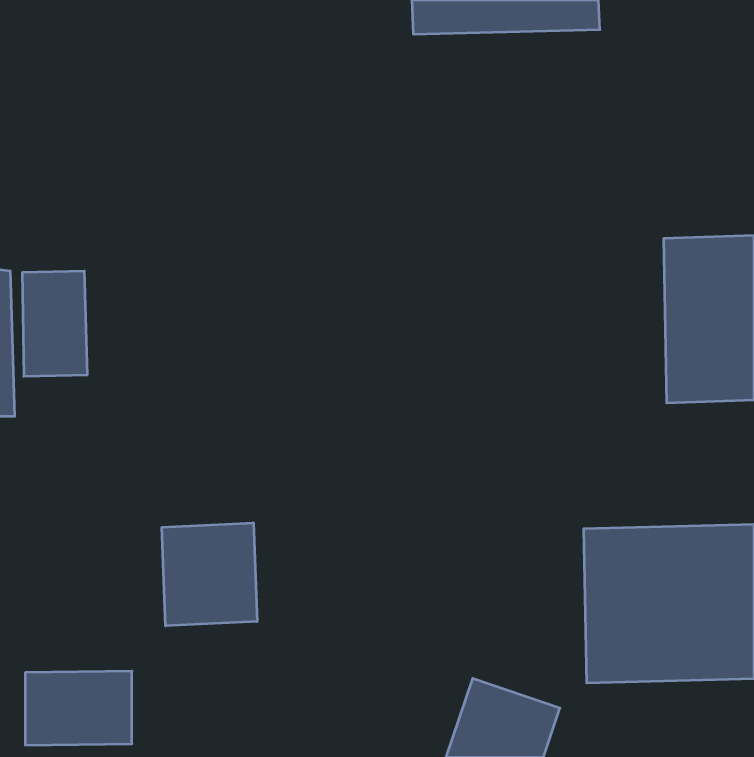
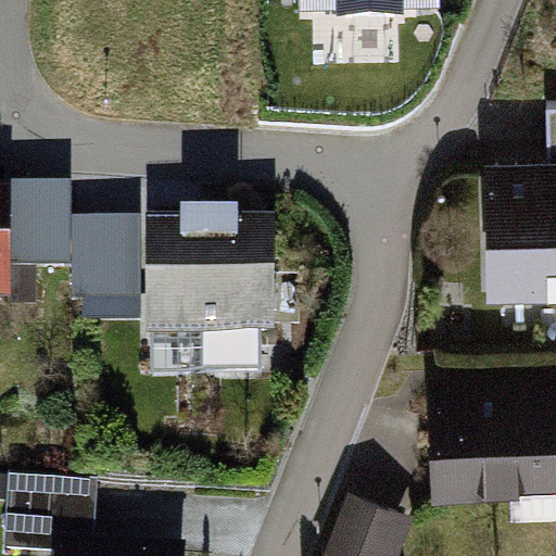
building: none -> [76,232,147,312]
building: none -> [154,232,275,351]
building: [162,523,257,626] -> none

